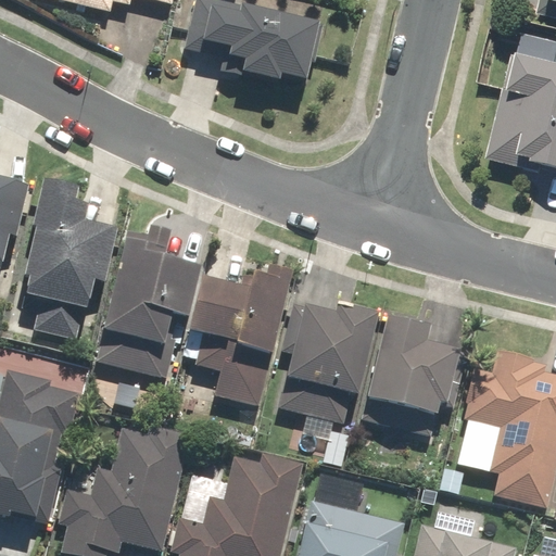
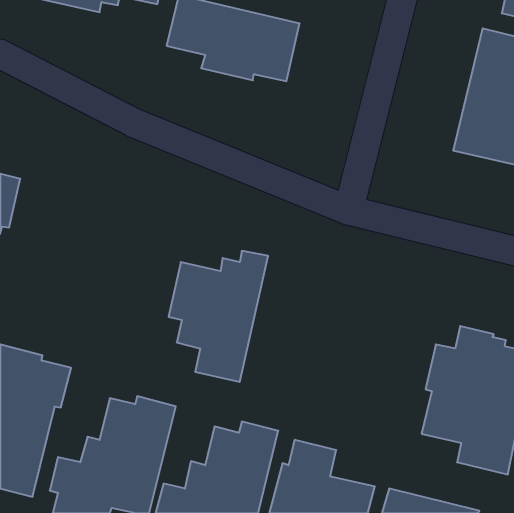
building: [18,182,117,339] -> none
building: [94,228,199,379] -> none
building: [275,304,375,422] -> none
building: [357,316,456,437] -> none

